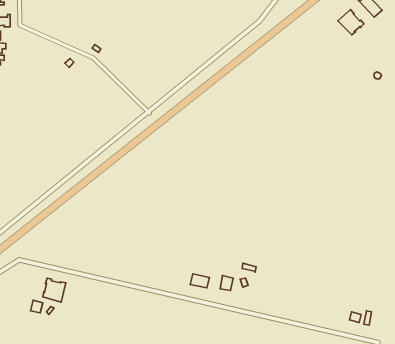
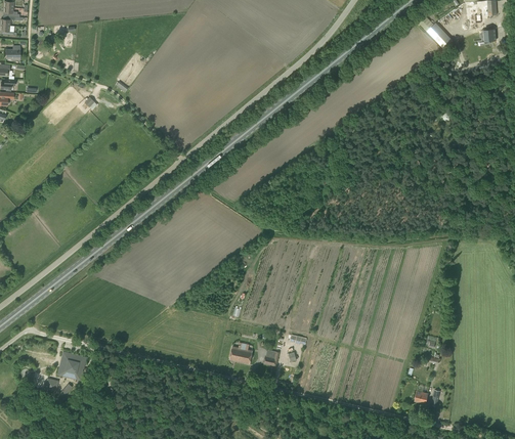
building: [338,9,364,35] -> none

